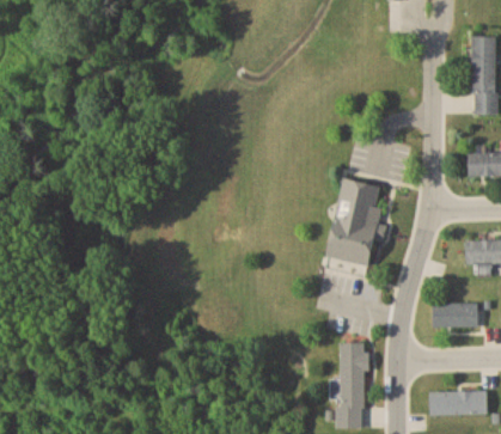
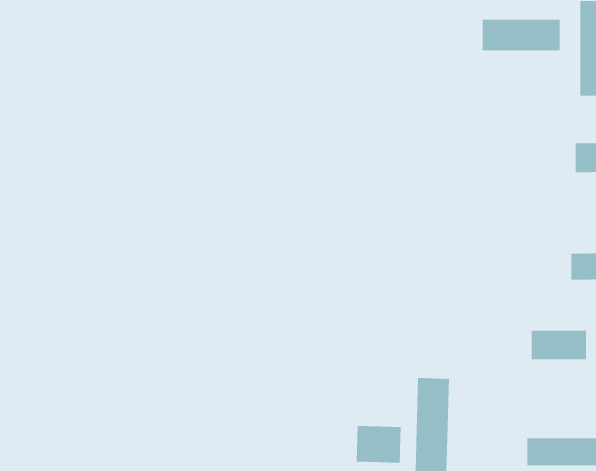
building: none -> [482,19,560,51]
building: [326,178,389,267] -> none
building: none -> [356,425,401,463]

